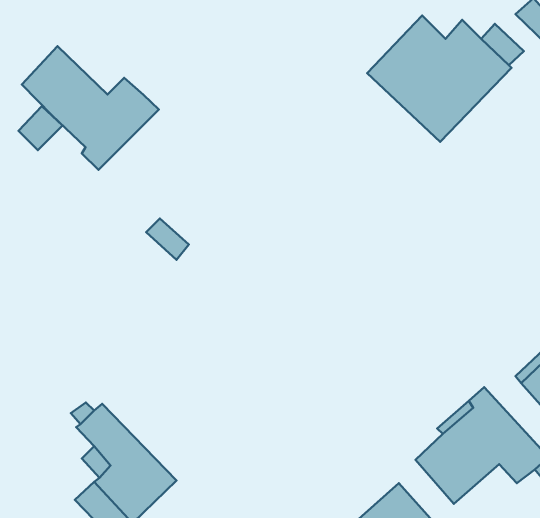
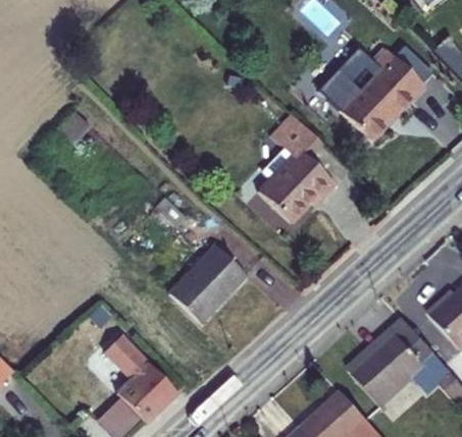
building: [22,46,159,170] -> none
building: none -> [259,114,337,222]
building: none -> [168,244,245,321]

